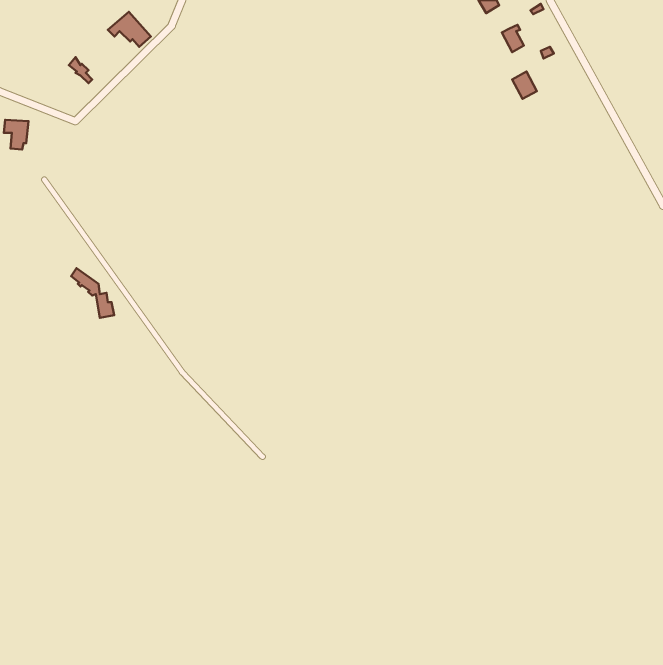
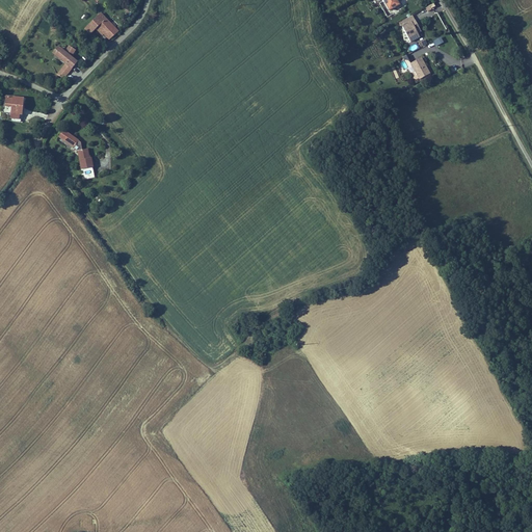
building: [71,268,114,318] -> [58,129,92,168]

